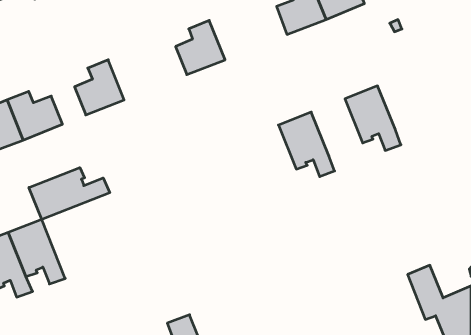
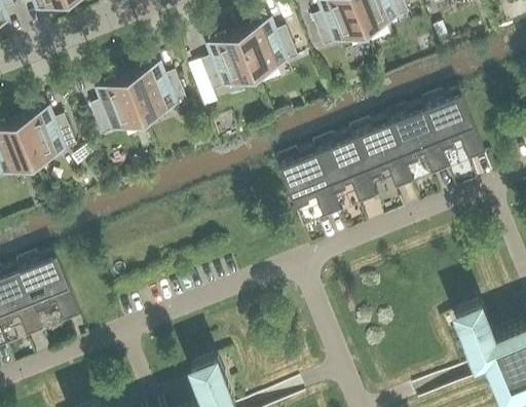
building: none -> [236,25,296,77]
building: none -> [125,68,185,121]
building: none -> [421,91,483,162]
building: none -> [348,120,411,191]
building: none -> [275,149,338,228]
building: [29,168,110,219] -> none

